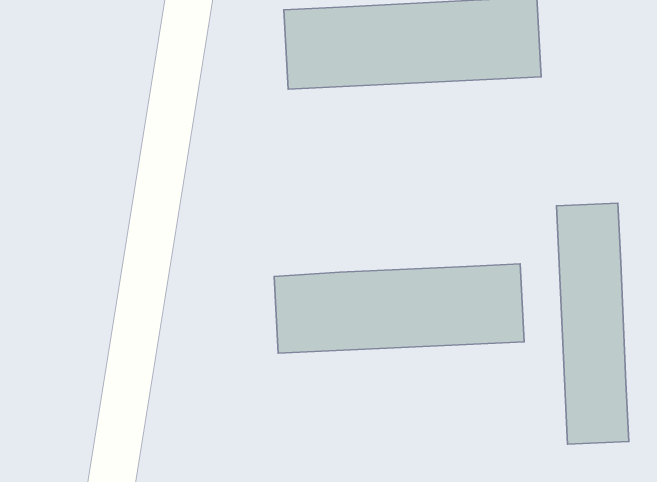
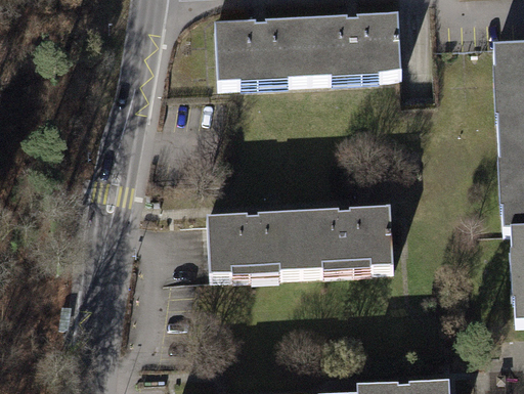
building: [556,203,629,444] -> none

